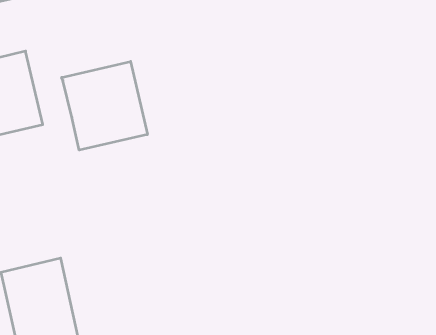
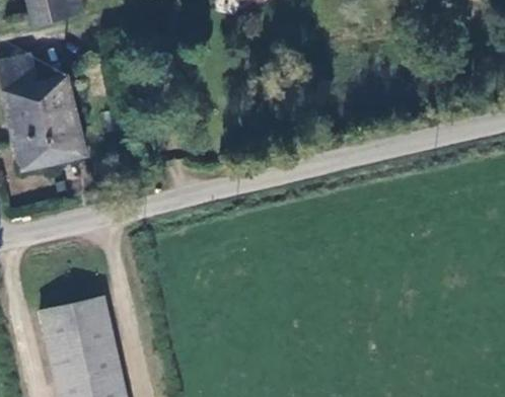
building: [62,61,147,150] -> none

